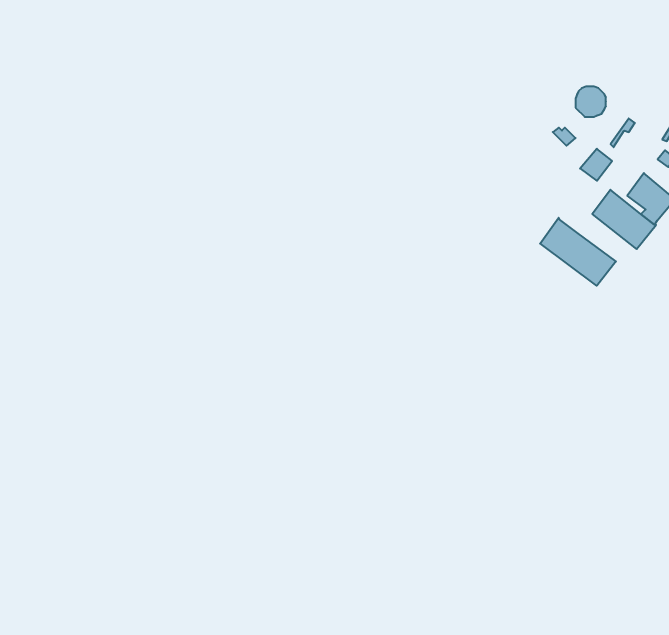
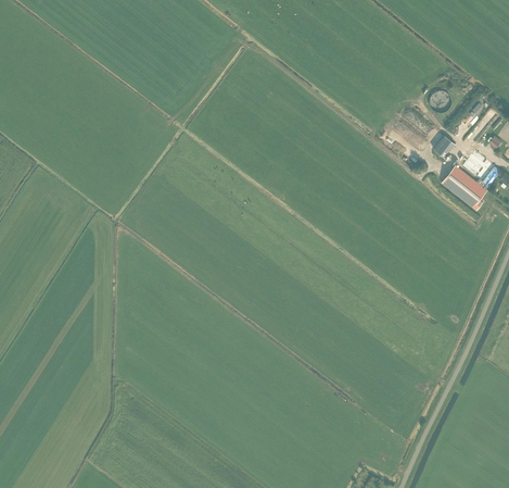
building: [540,218,616,286] -> none

